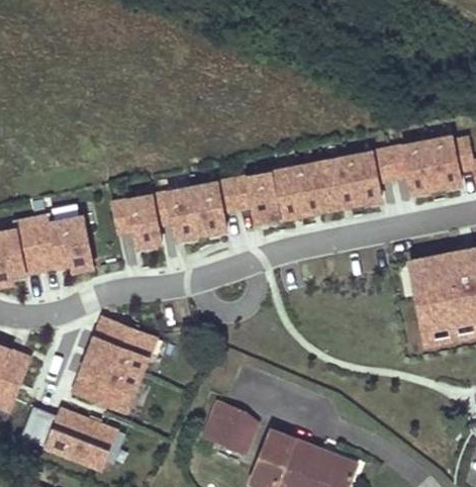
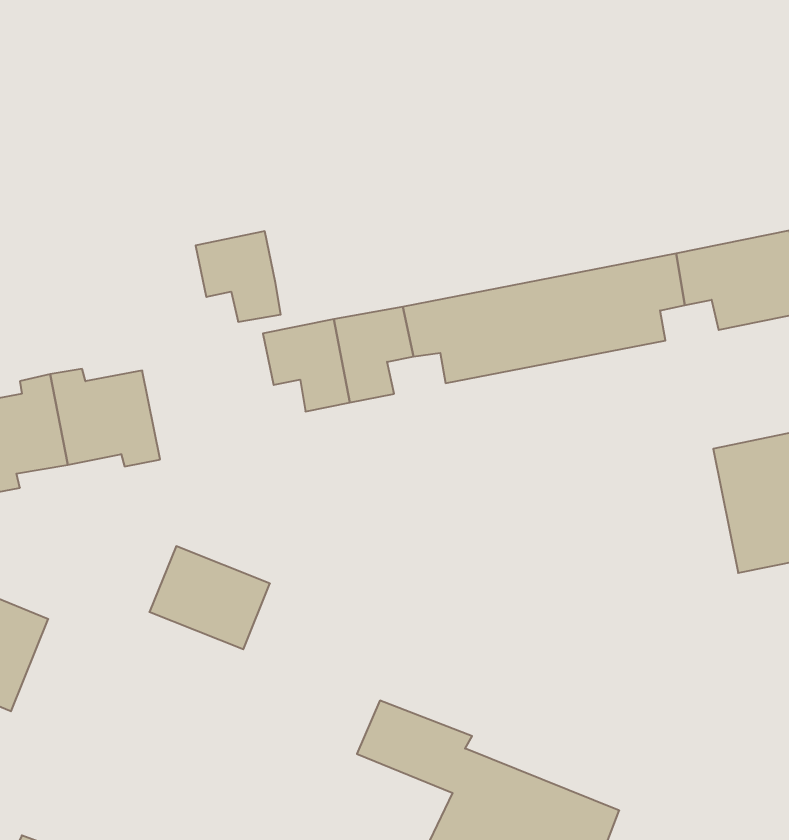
building: [113,195,162,247] -> [196,231,281,322]
building: [74,354,141,412] -> none
building: [21,406,117,468] -> none

